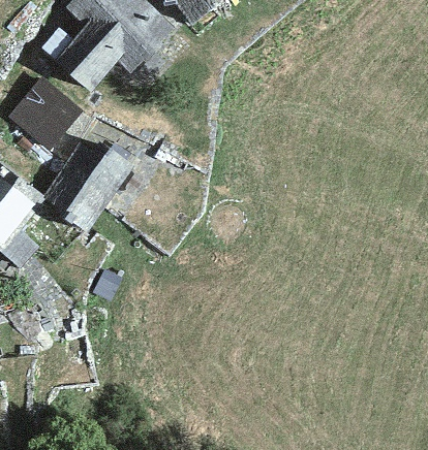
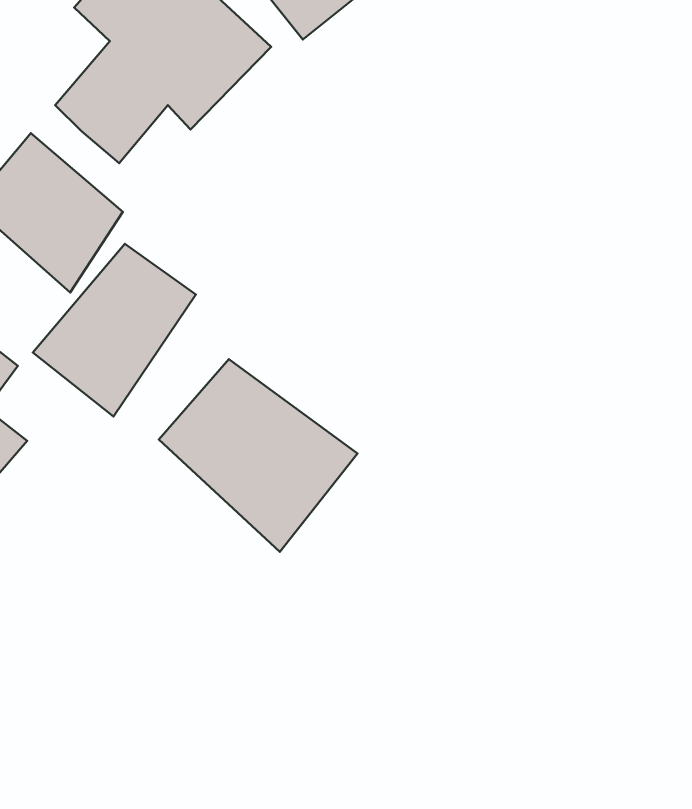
building: none -> [159,359,358,552]

